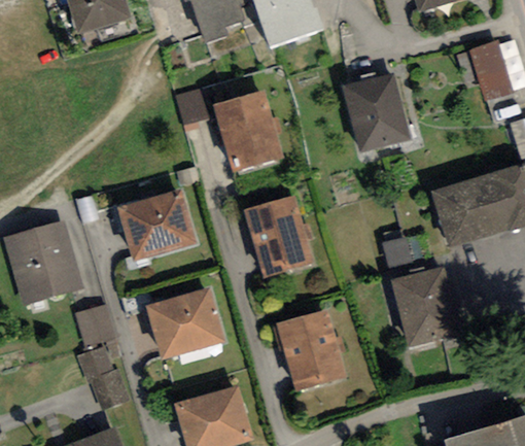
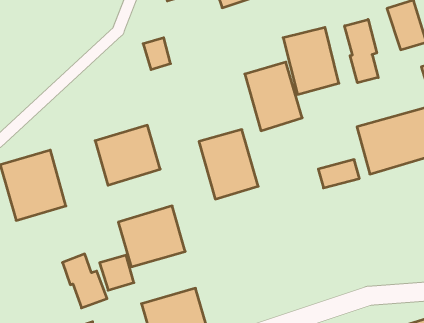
building: none -> [345,19,378,83]
building: [213,91,282,173] -> [245,62,302,131]
building: [392,266,458,345] -> none
building: [74,302,115,344] -> [100,255,134,290]
building: [273,308,347,391] -> none

